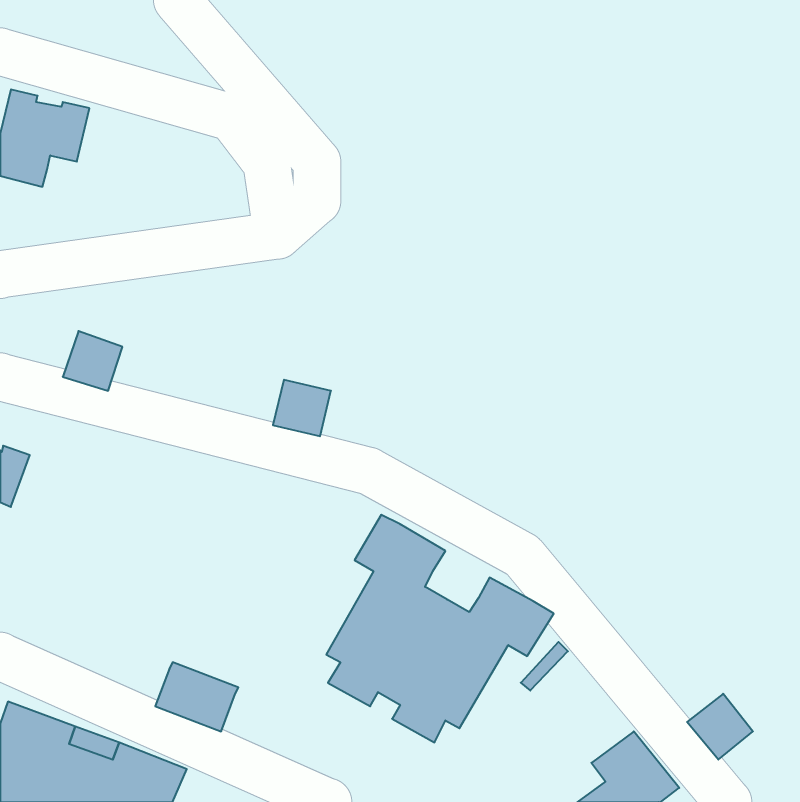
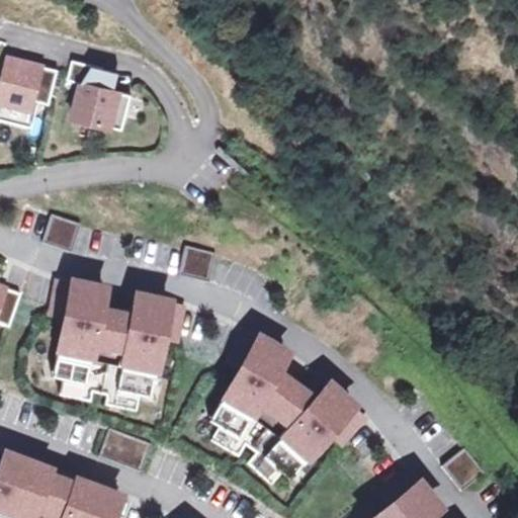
building: none -> [69,61,132,128]
building: none -> [52,282,184,412]

